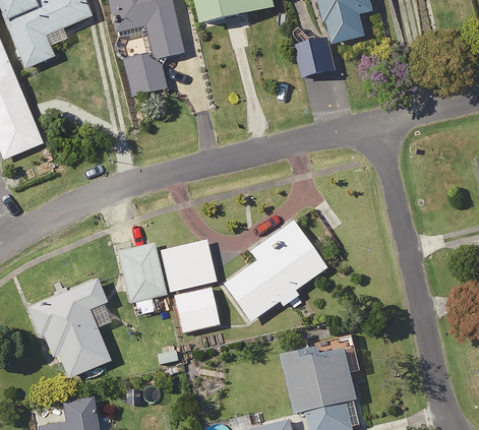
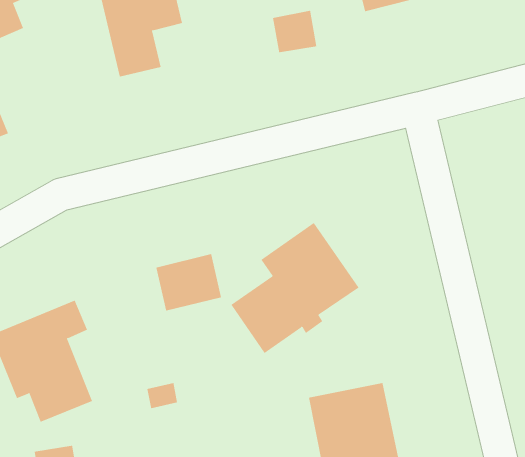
building: [297,43,334,77] -> [272,10,317,53]
building: [119,241,168,314] -> none
building: [173,285,217,331] -> none

